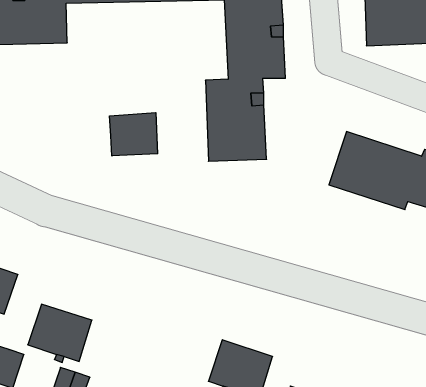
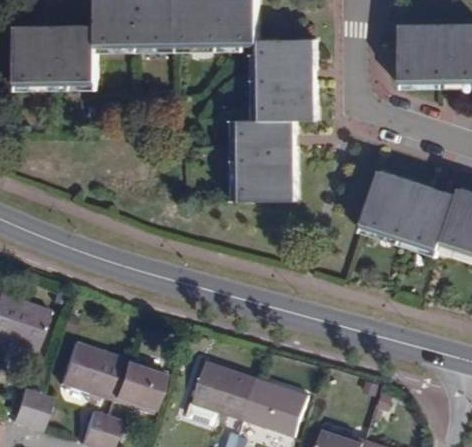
building: [110,113,158,156] -> none
building: none -> [109,363,161,417]
building: none -> [190,366,254,425]

